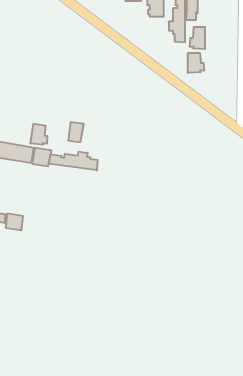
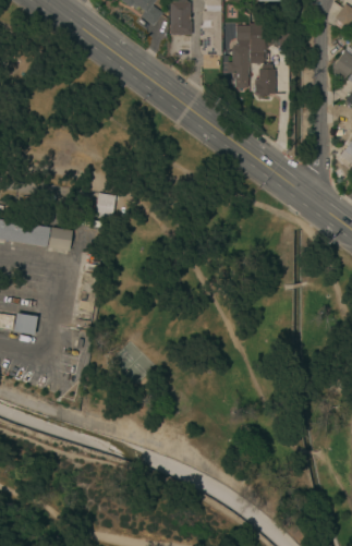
building: [188,53,204,73] -> none
building: [30,124,47,145] -> none
building: [49,152,97,170] -> none

